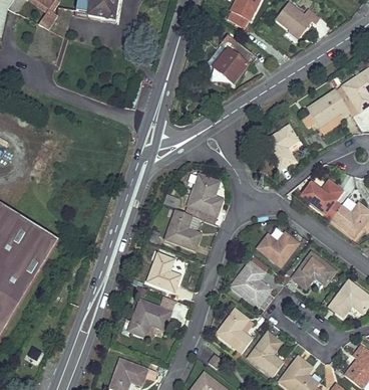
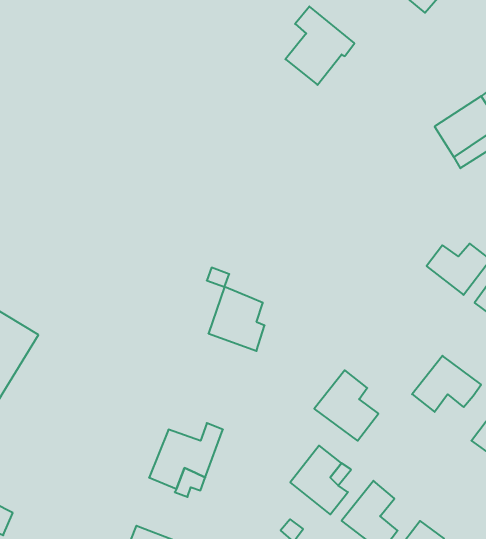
building: [263,127,297,168] -> none
building: [187,174,222,215] -> none
building: [257,232,298,265] -> none
building: [146,252,180,290] -> none

